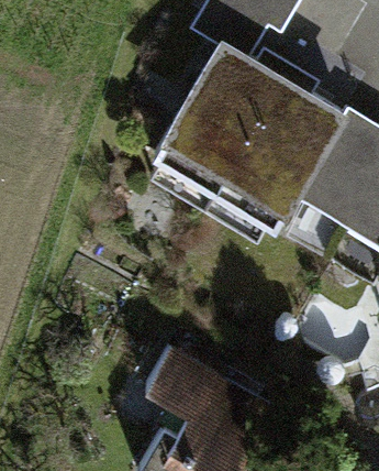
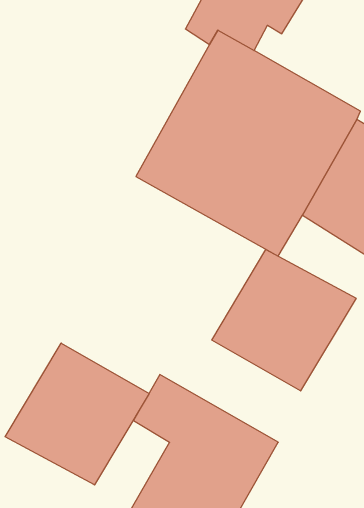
building: none -> [212,249,356,391]
building: none -> [5,343,149,485]

